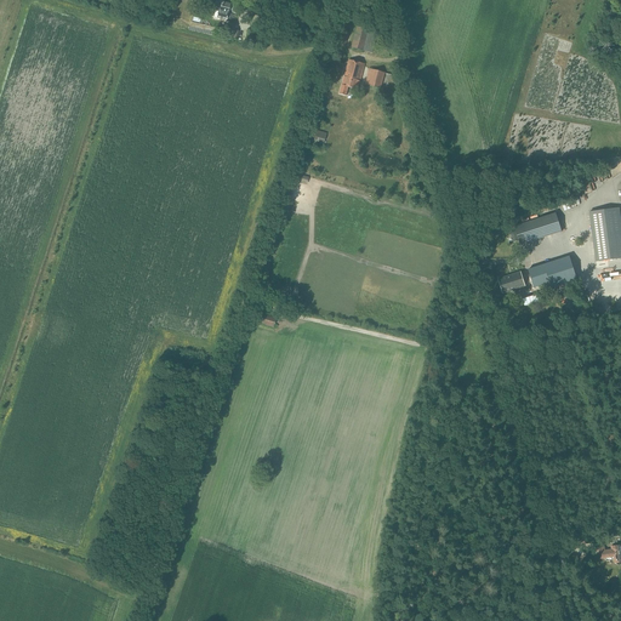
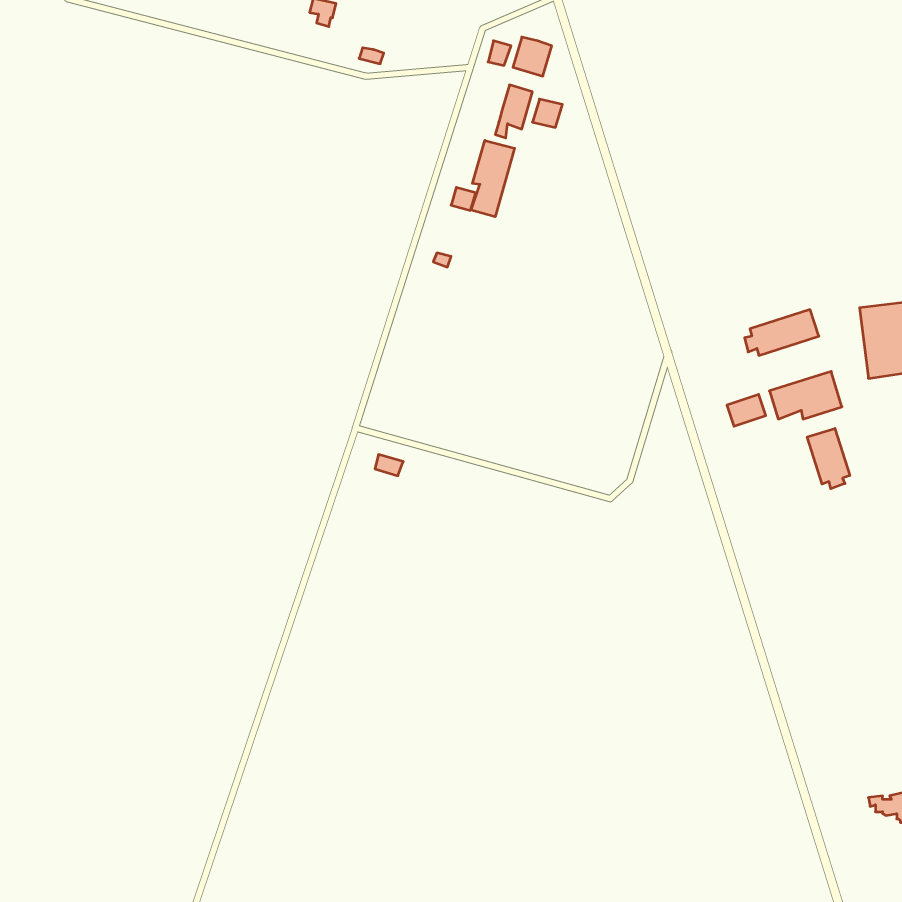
building: none -> [471,140,515,217]
building: none -> [807,428,850,489]

